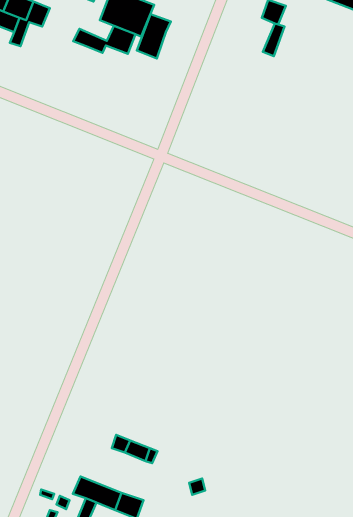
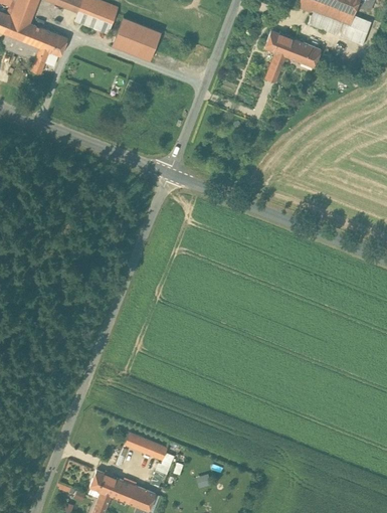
building: none -> [278,35,320,65]
building: [137,14,171,58] -> none
building: [73,26,136,54] -> none

